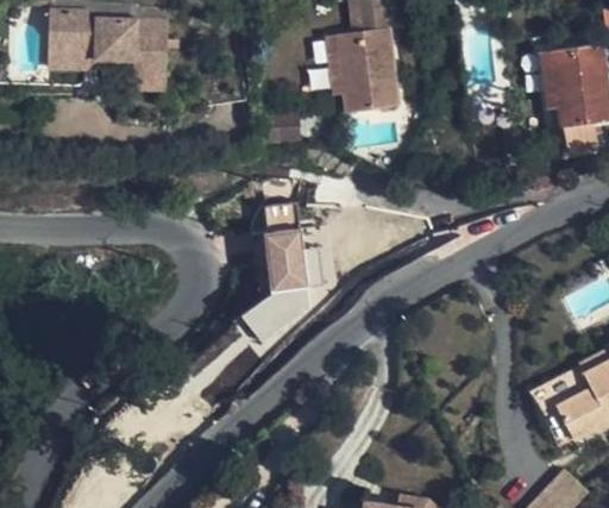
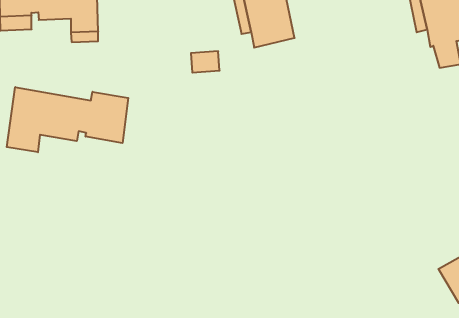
building: none -> [7,87,128,152]
building: [250,205,307,328] -> none

